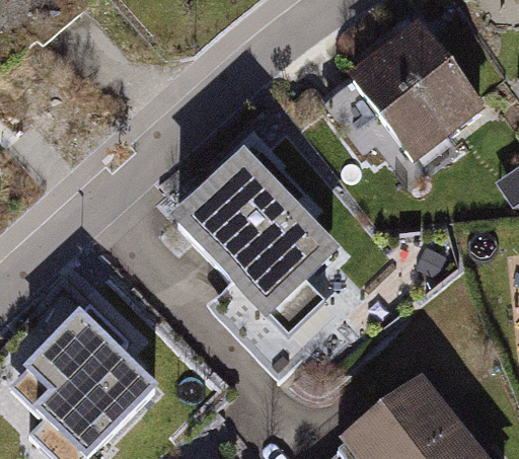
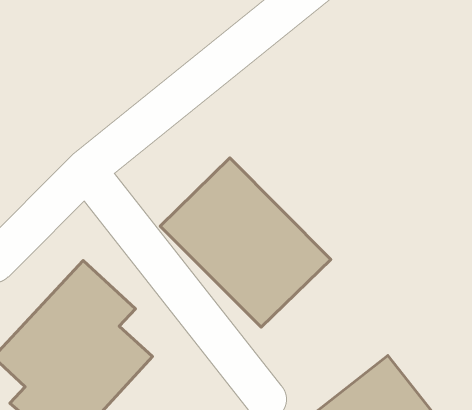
building: [324,28,498,182] -> none

